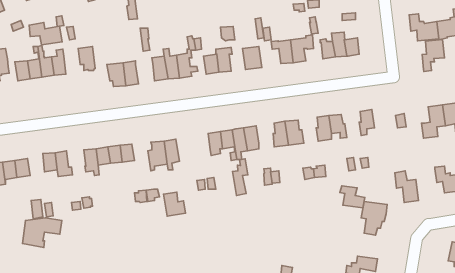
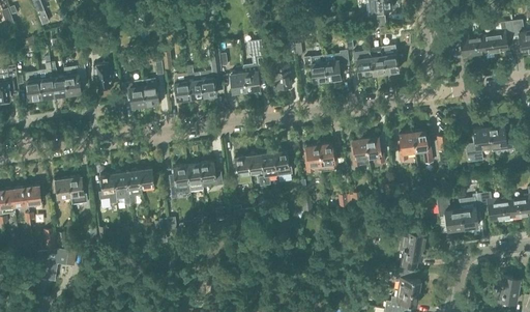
building: [29,23,62,45] -> none
building: [422,39,445,72] -> none
building: none -> [412,131,433,163]
building: [233,159,248,195] -> none
building: none -> [460,194,482,230]
building: [340,186,365,208] -> [393,270,420,293]
building: [163,192,185,216] -> [200,162,224,188]

